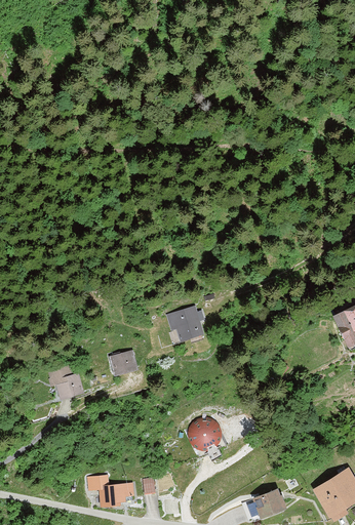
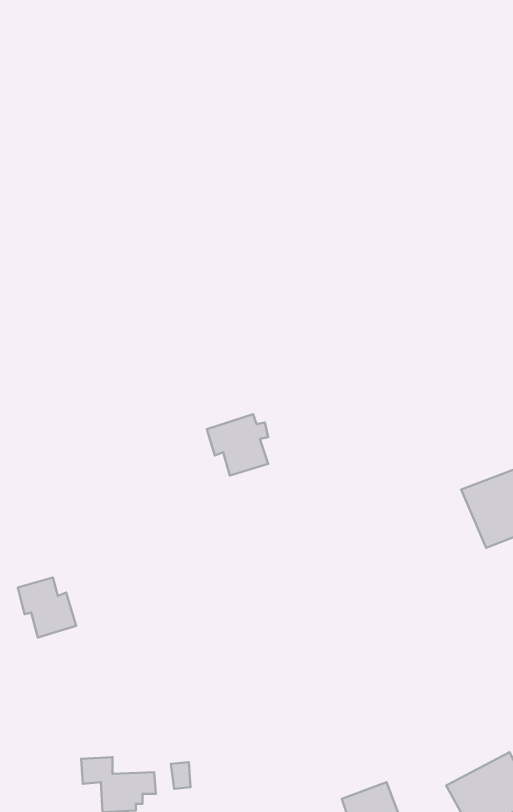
building: [166,305,204,342] -> [207,414,268,476]
building: [110,349,137,376] -> none
building: [188,417,221,449] -> none

